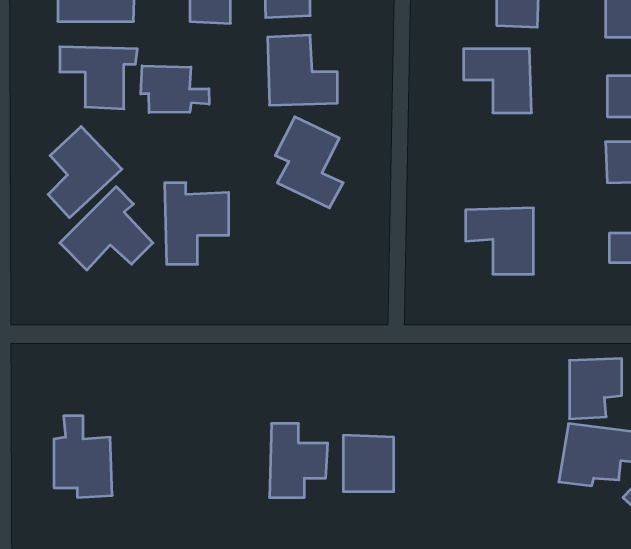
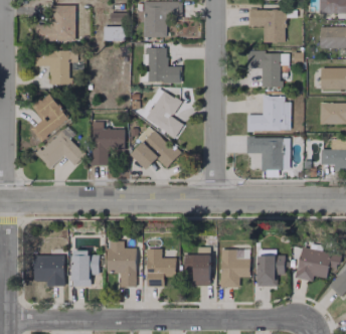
building: [141,66,209,113] -> none
building: none -> [247,97,284,131]
building: none -> [132,127,179,170]
building: [569,359,622,419] -> [257,256,285,287]
building: none -> [107,241,136,287]
building: none -> [220,249,250,288]
building: none -> [71,251,99,287]

